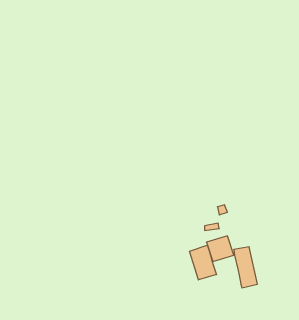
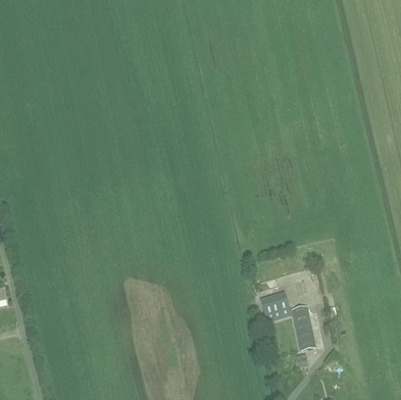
building: [190,245,216,280] -> none

